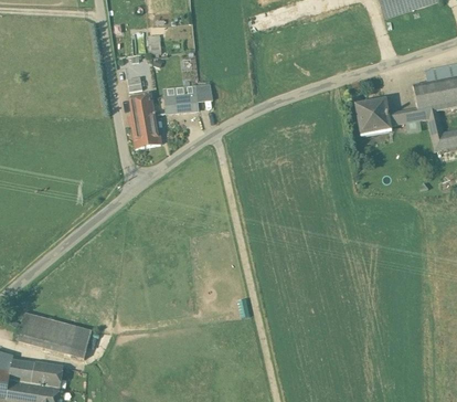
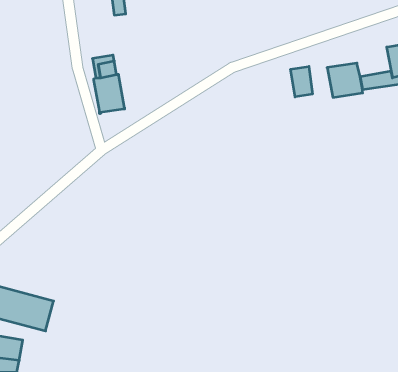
building: [164,92,198,112] -> none
building: none -> [291,66,312,97]

